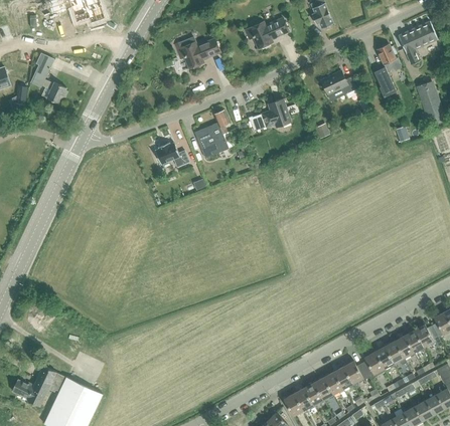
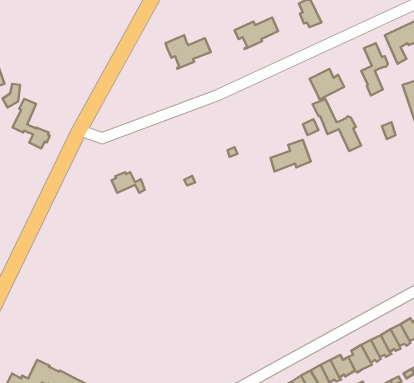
building: [29,53,67,103] -> [12,99,50,148]
building: [250,99,291,132] -> [270,140,311,172]
building: none -> [313,99,361,151]
building: [194,111,229,158] -> none
building: [154,143,188,164] -> [111,172,145,193]

